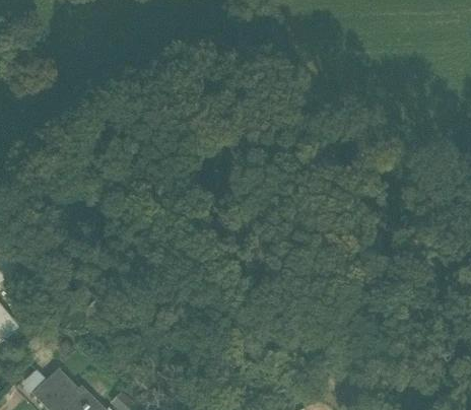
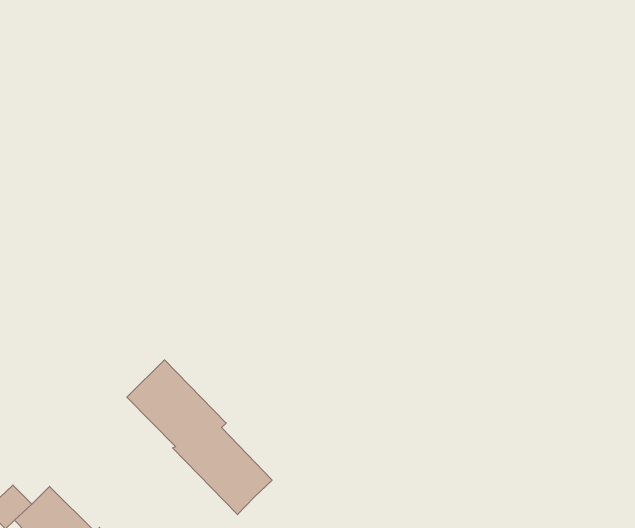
building: none -> [127,360,272,515]

